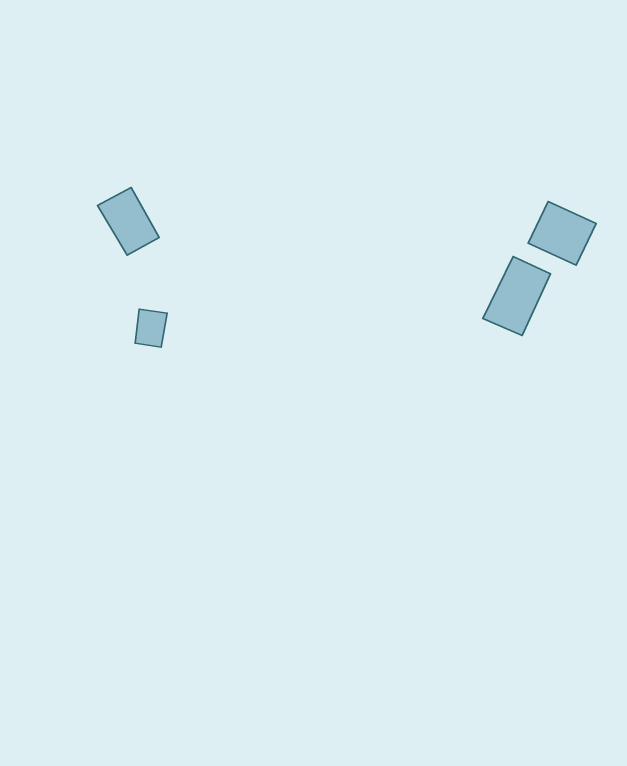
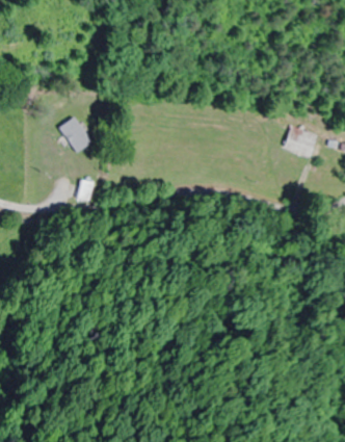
building: [483,257,550,335] -> none

